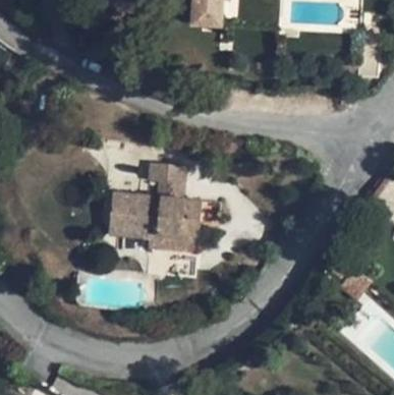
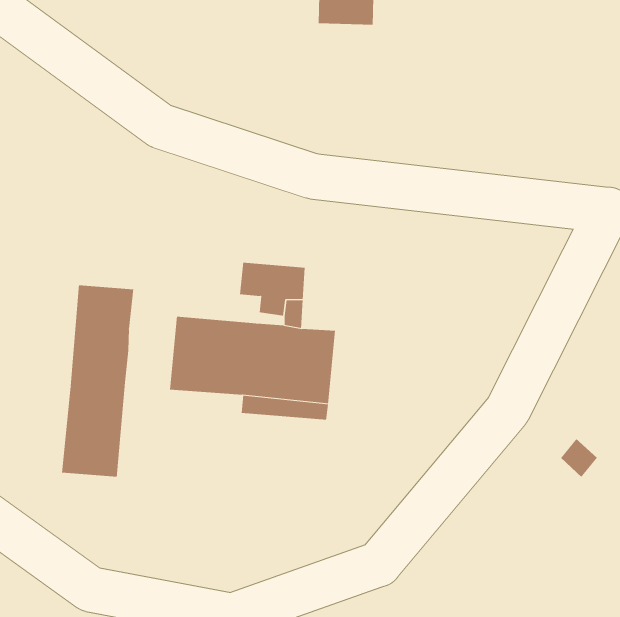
building: none -> [62,285,134,477]

